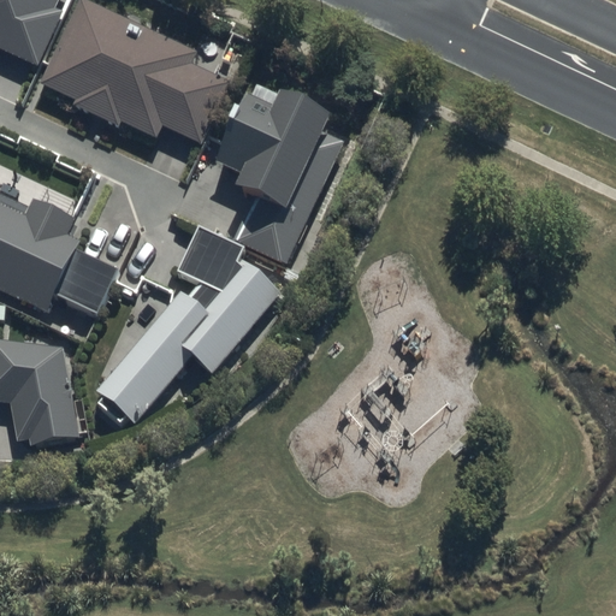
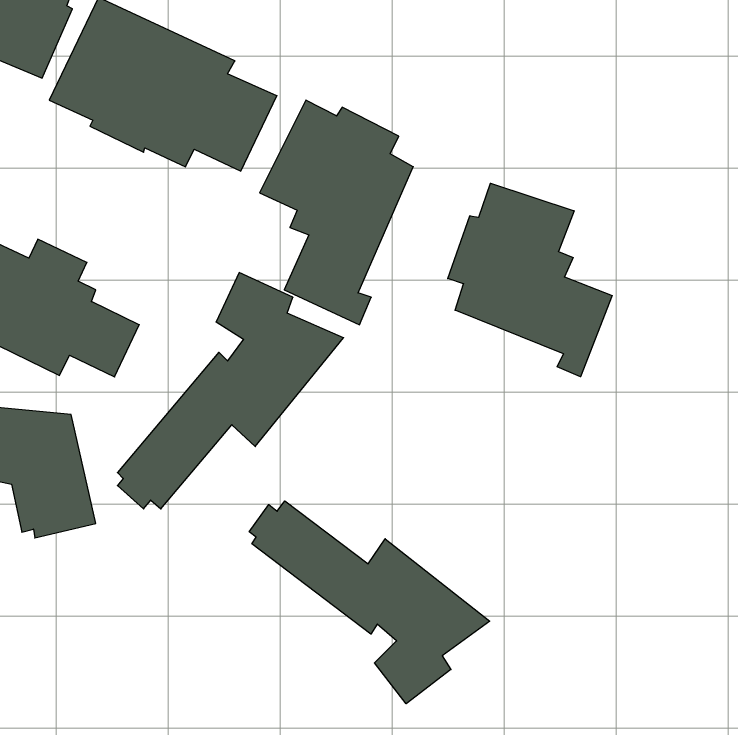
building: none -> [448,183,612,377]
building: none -> [249,501,490,704]

